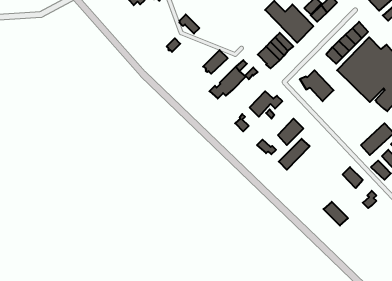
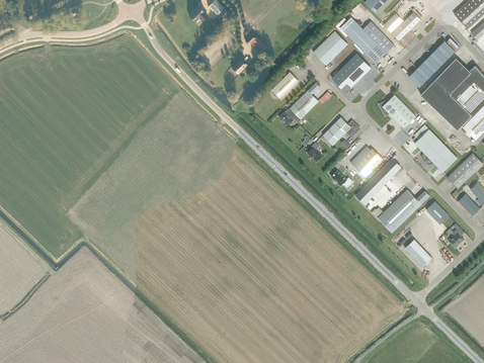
building: none -> [313,30,347,65]
building: none -> [412,124,457,172]
building: none -> [372,189,421,233]

